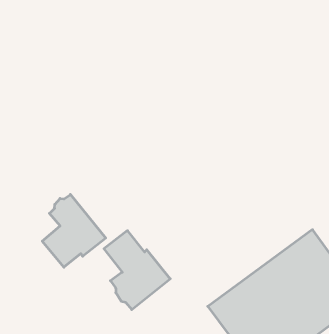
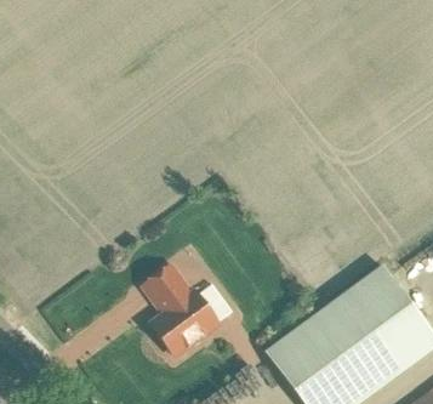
building: [42,194,106,267] -> none

